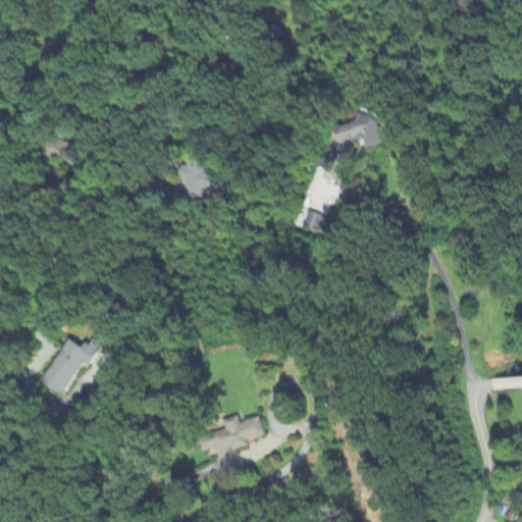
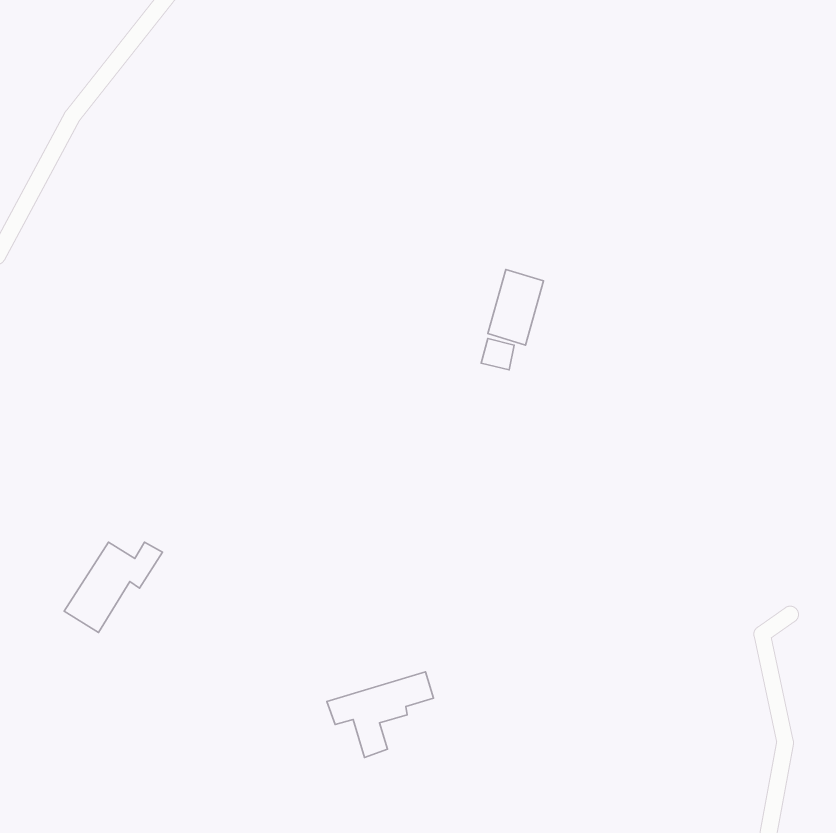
building: [336,114,389,158] -> none
building: [179,159,214,194] -> none

